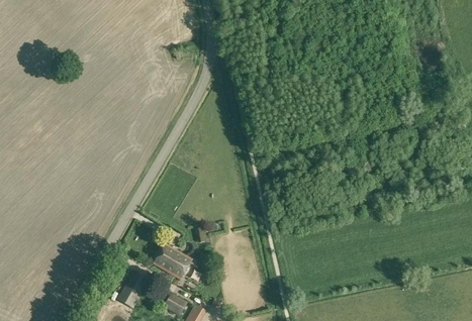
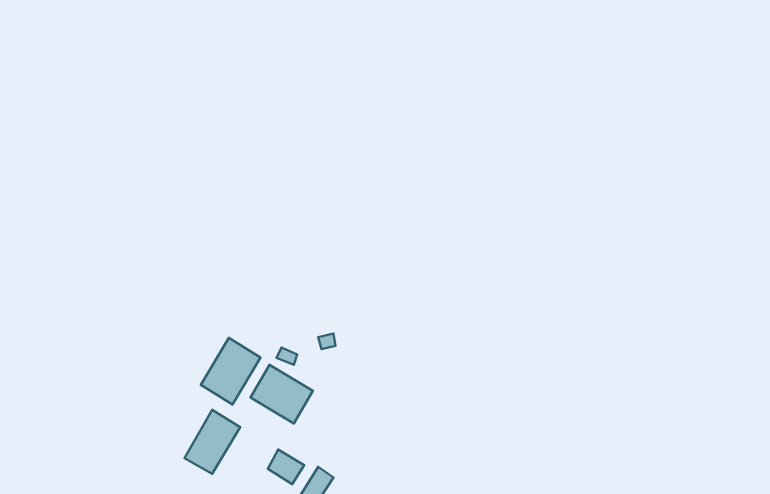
building: none -> [201,338,261,405]

